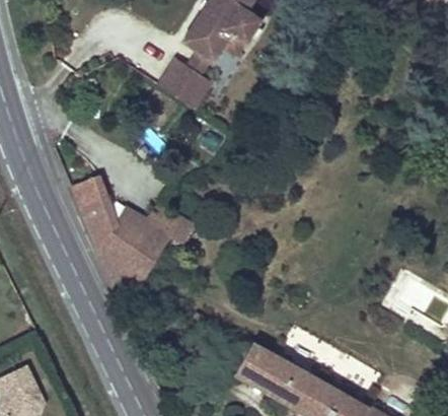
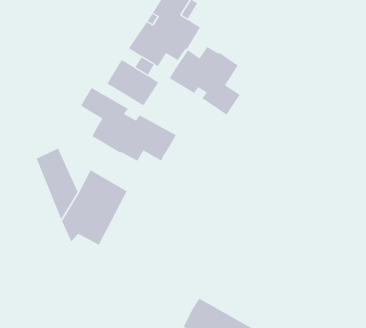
building: none -> [169,46,240,115]
building: none -> [80,87,177,162]

